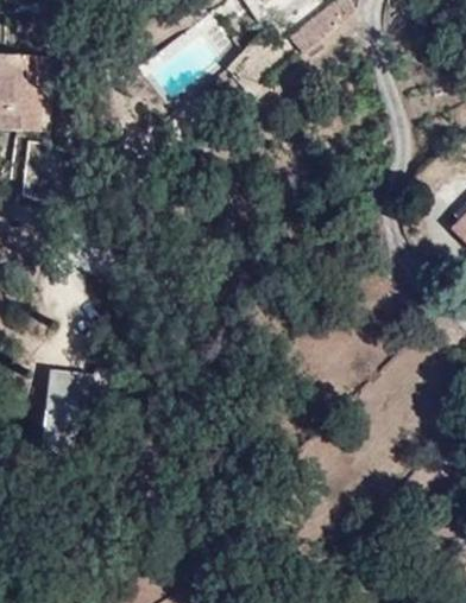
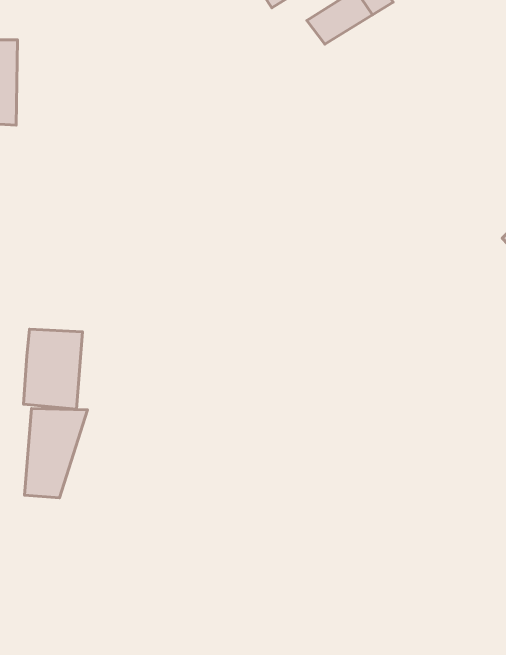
building: none -> [23,329,83,409]

